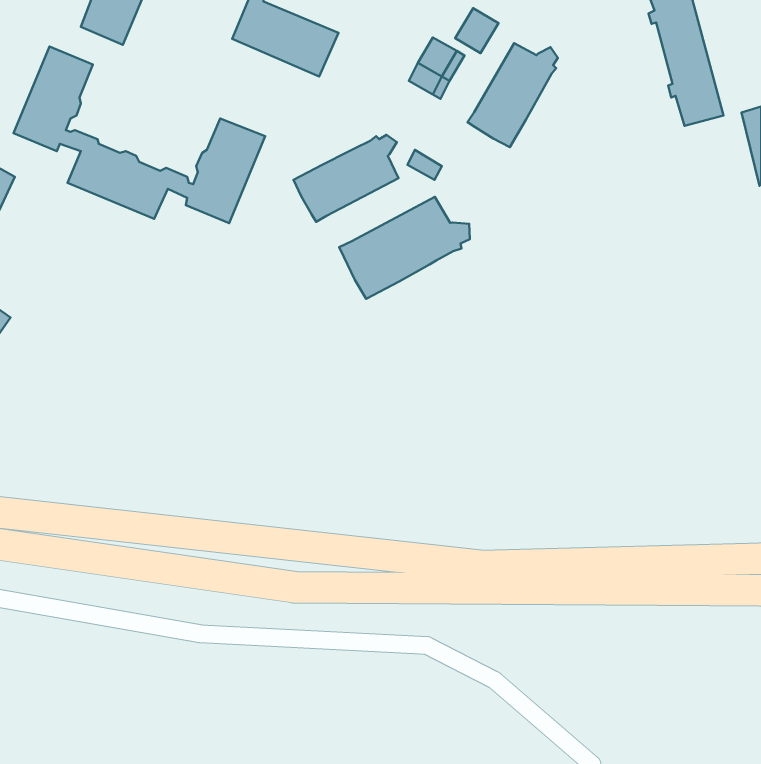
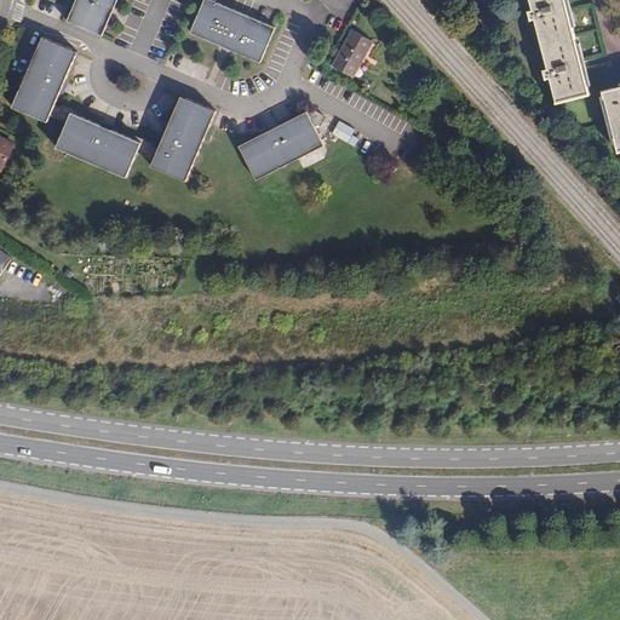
building: [455,8,499,53] -> none
building: [468,43,558,147] -> none
building: [339,197,470,299] -> none

